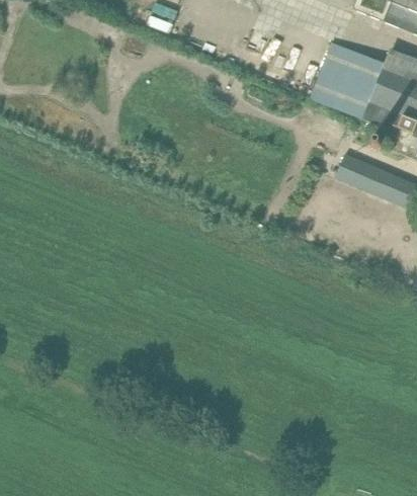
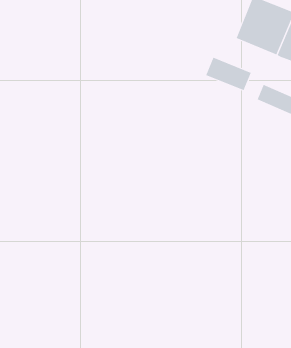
building: none -> [205,57,252,91]

